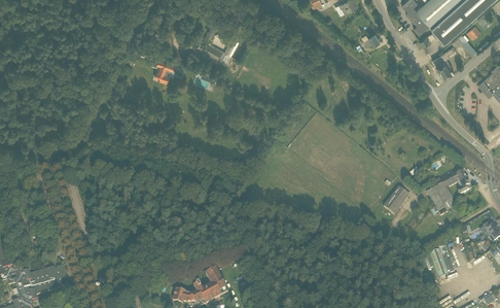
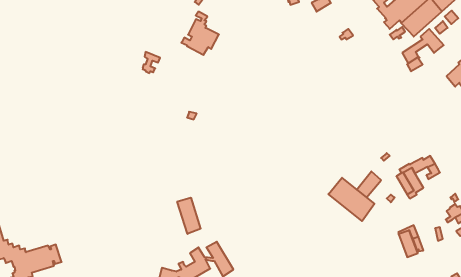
building: none -> [328,178,374,221]
building: none -> [177,198,201,234]

